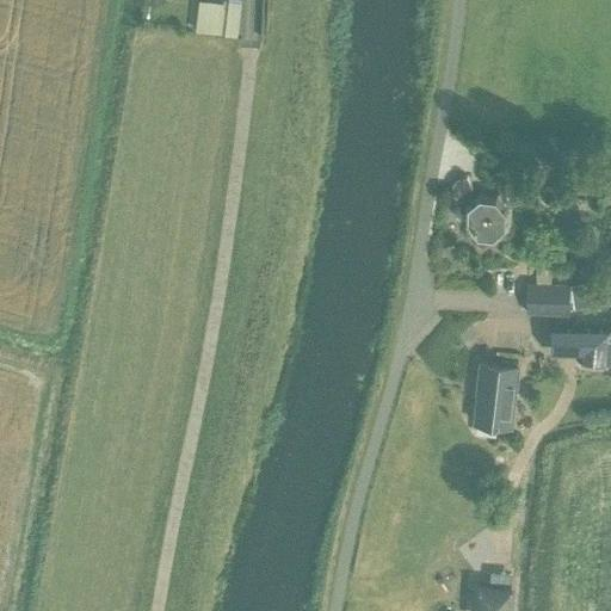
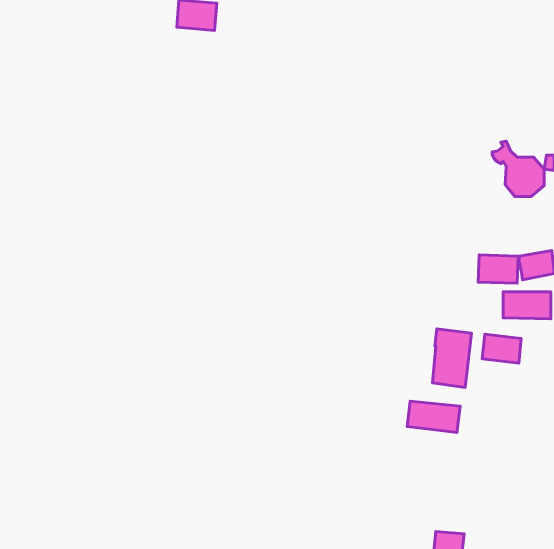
building: [451,180,508,241] -> [492,141,544,196]
building: none -> [482,334,521,363]
building: none -> [407,401,460,433]

